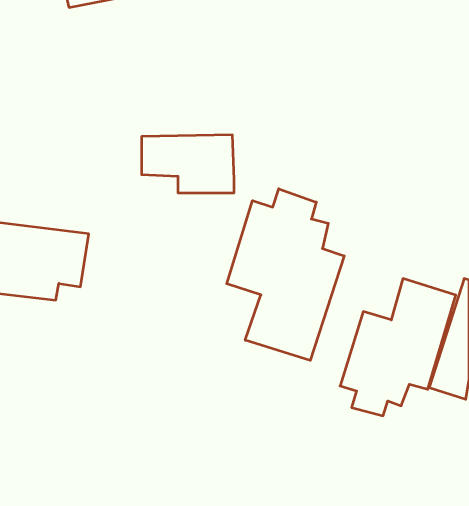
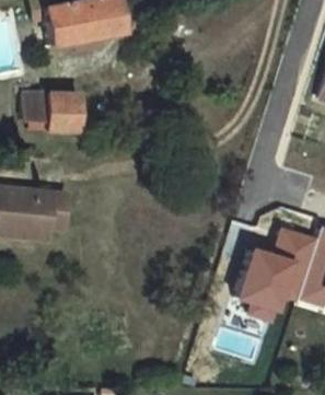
building: [142,135,234,193] -> [21,92,82,130]
building: [227,189,344,360] -> none

